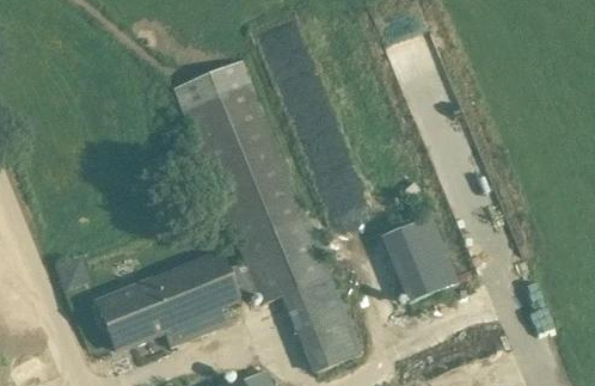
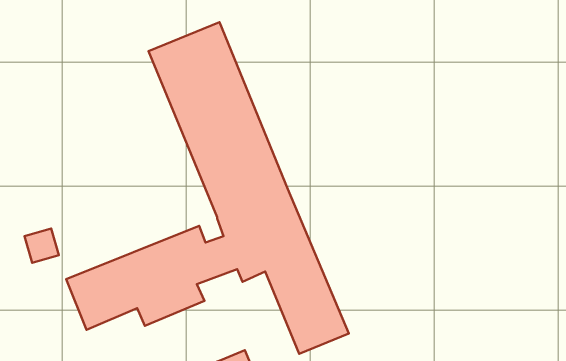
building: [379,215,459,305] -> none

